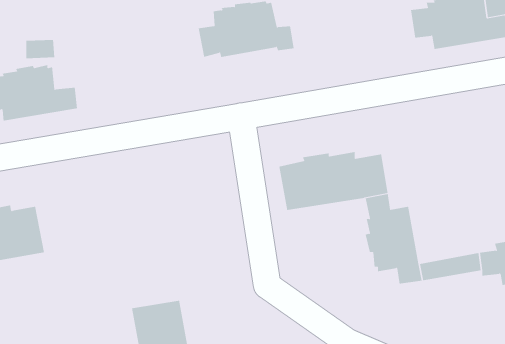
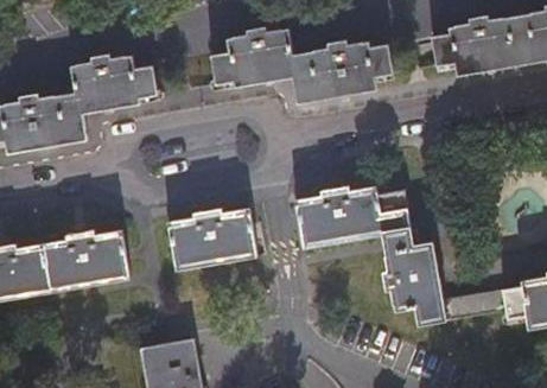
building: none -> [293,42,392,103]
building: none -> [58,52,155,119]
building: none -> [168,206,256,268]
building: none -> [40,227,128,290]

